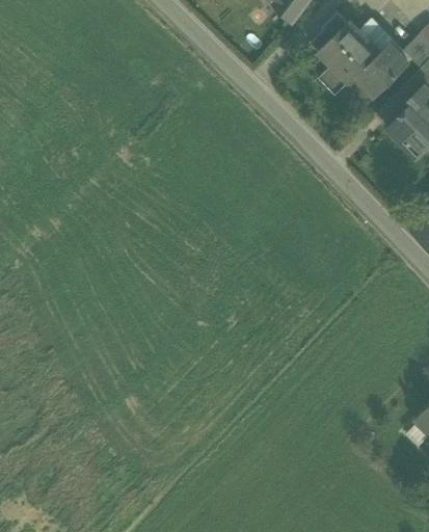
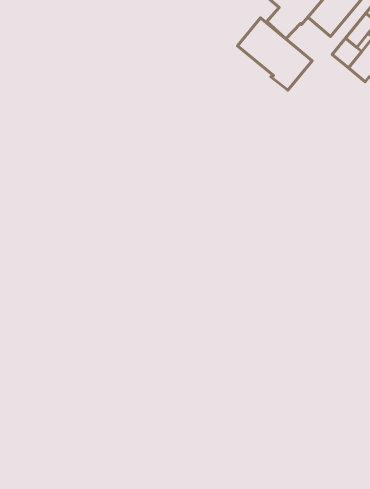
building: none -> [238,18,312,90]

